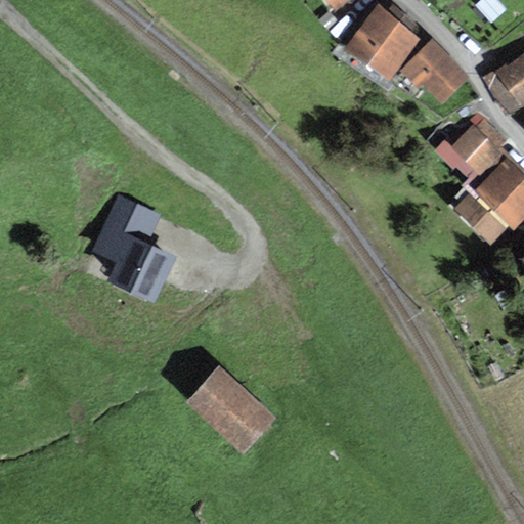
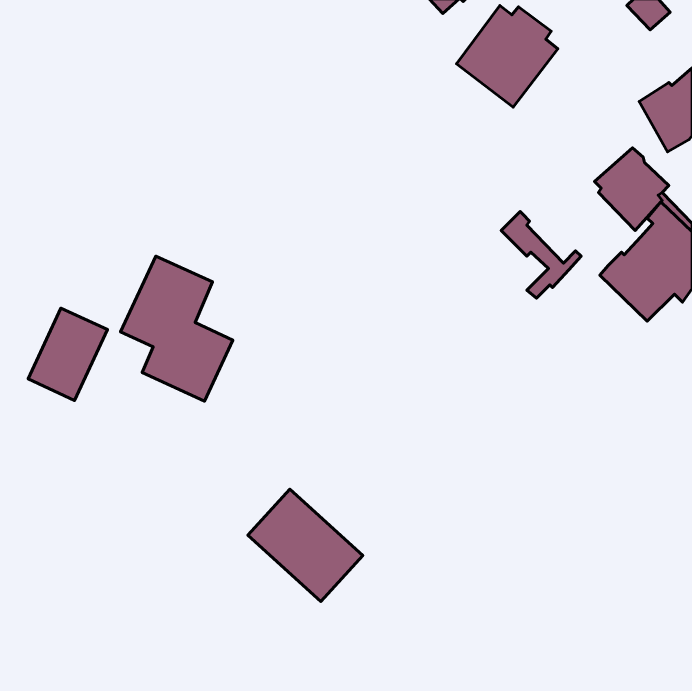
building: [398,36,470,102] -> none
building: [433,135,493,201] -> [501,212,581,298]
building: none -> [28,308,107,400]

